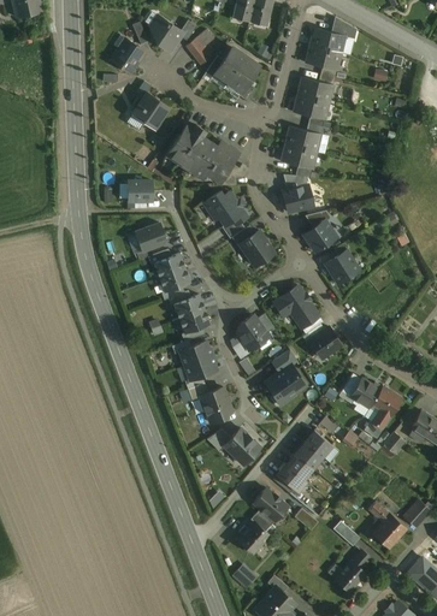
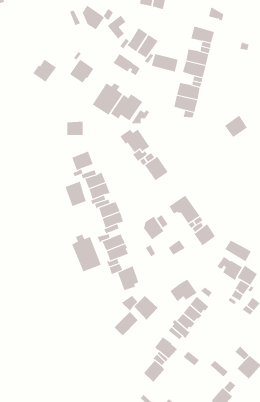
building: [311,28,346,53] -> none
building: [111,40,146,73] -> [32,59,57,83]
building: none -> [112,53,141,76]
building: none -> [151,53,178,73]
building: [283,185,314,212] -> none
building: [303,219,337,251] -> [224,115,248,138]
building: [326,250,359,283] -> none
building: none -> [65,181,87,207]
building: none -> [72,234,102,272]
building: none -> [224,240,251,262]
building: [266,365,306,398] -> [170,279,197,302]
building: none -> [114,311,139,336]

